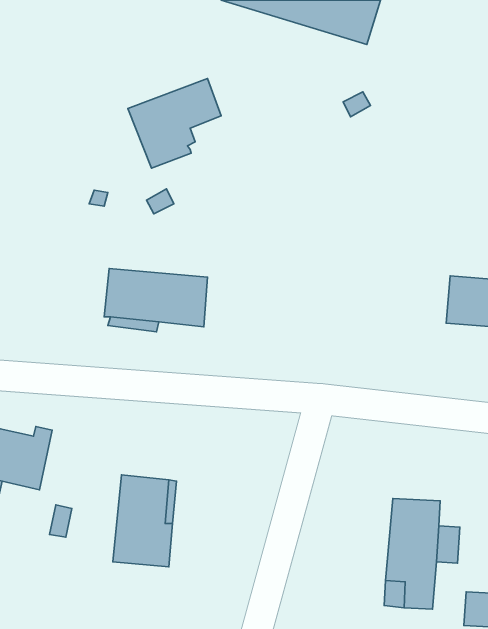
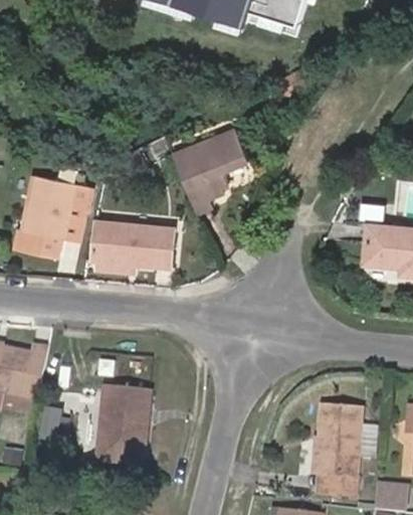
building: [128,79,221,168] -> [172,129,247,201]
building: none -> [14,174,90,260]

